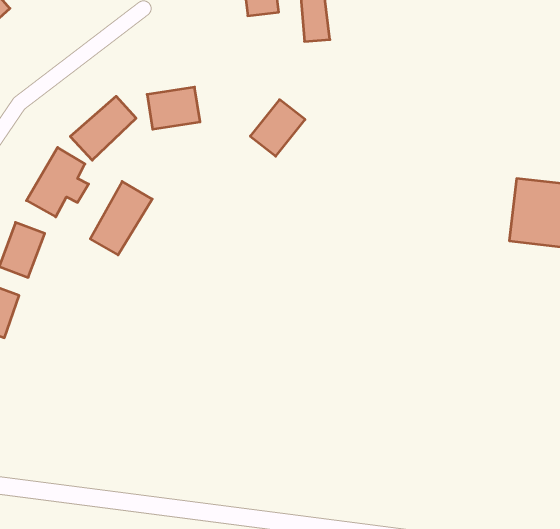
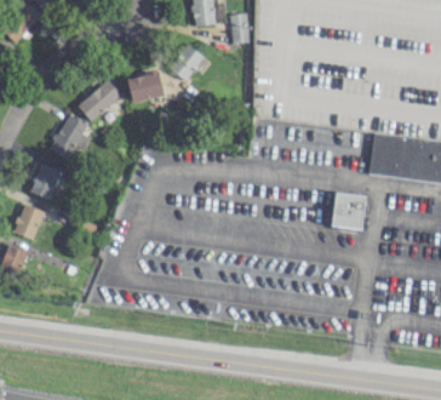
building: [250,100,305,156] -> [168,42,205,80]
building: [90,181,152,255] -> none
building: none -> [331,190,366,229]

